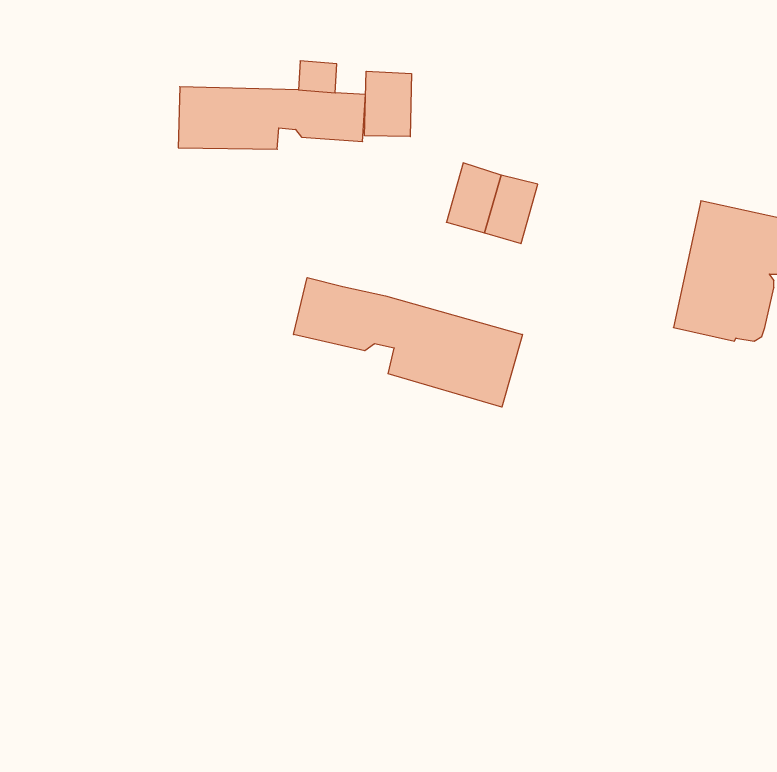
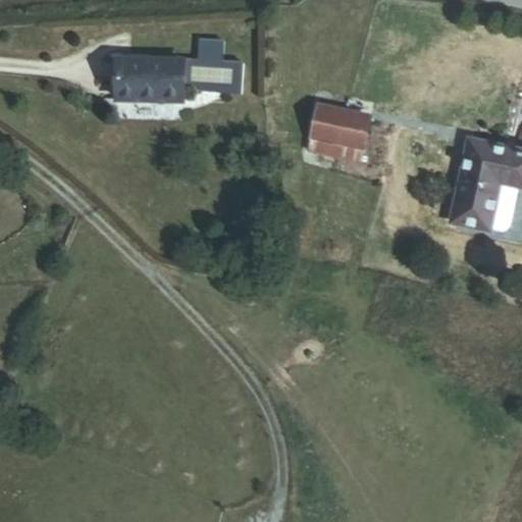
building: [365,71,411,137] -> none
building: [294,278,522,407] -> none

